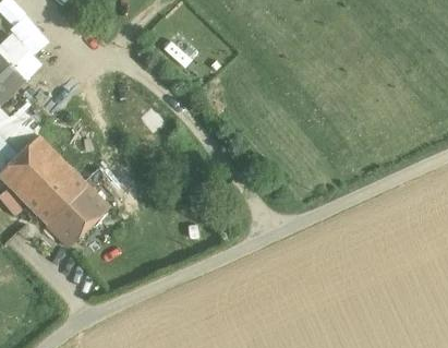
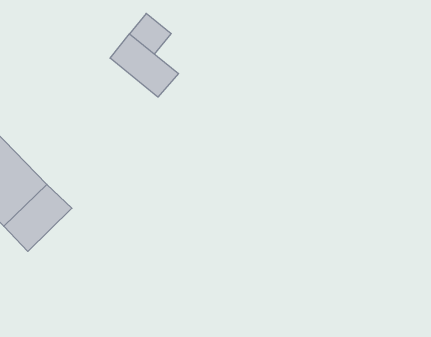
building: none -> [110,34,179,97]

